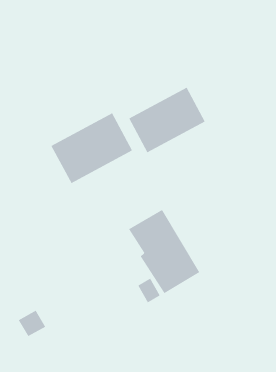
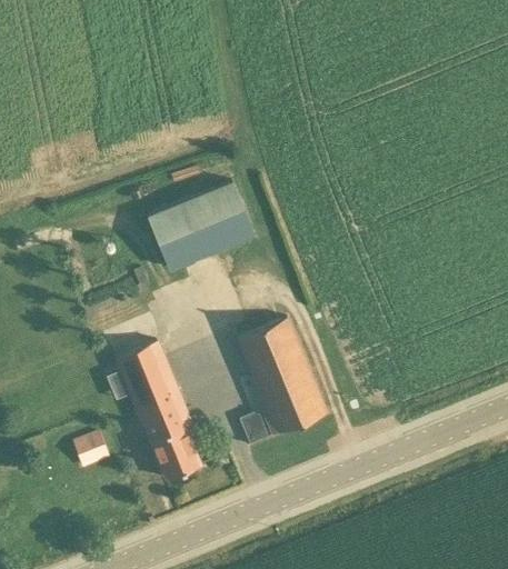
building: [128,87,206,153] -> none
building: none -> [116,345,200,479]

